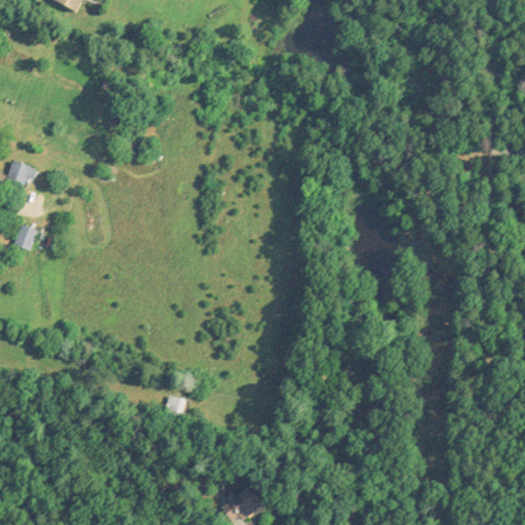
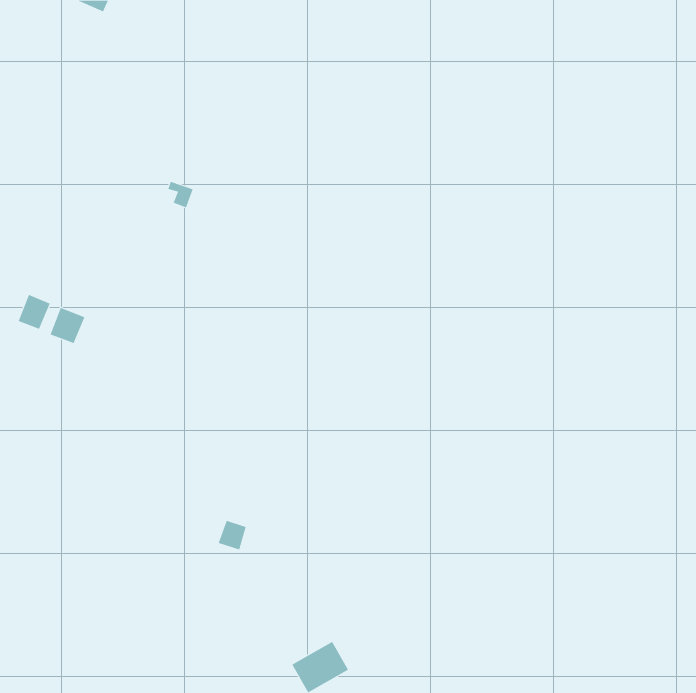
building: [5,160,36,189] -> none
building: none -> [50,307,85,344]

